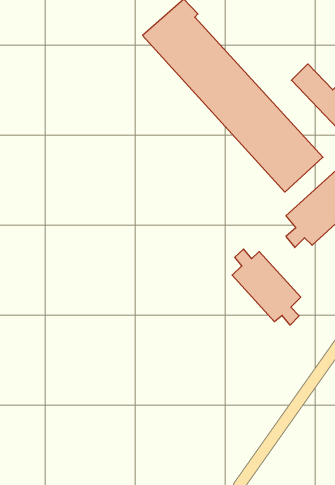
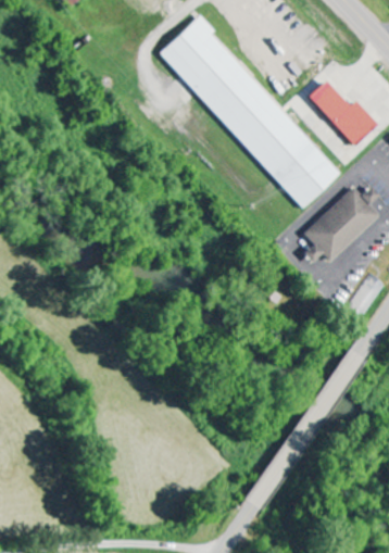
building: [232,249,301,325] -> none

